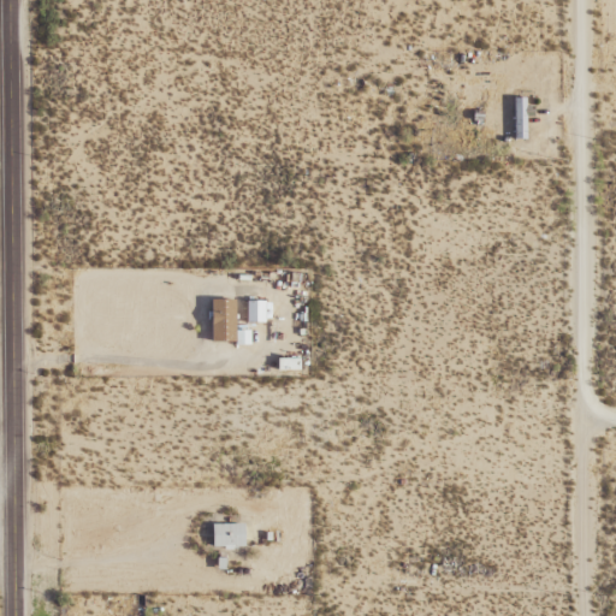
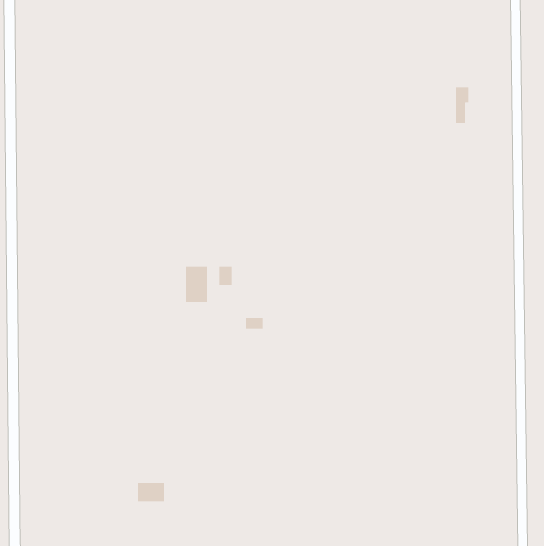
building: [214,523,245,545] -> [137,482,165,502]

